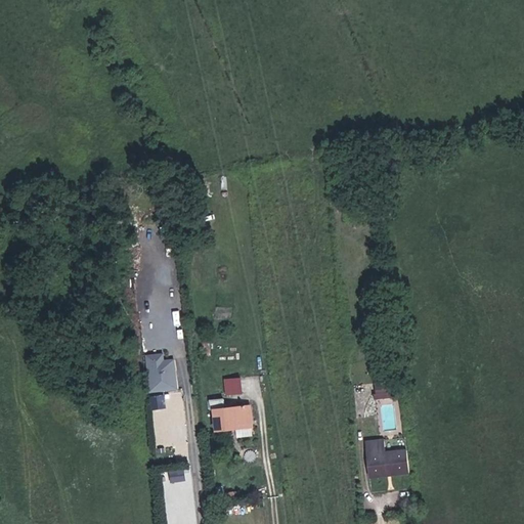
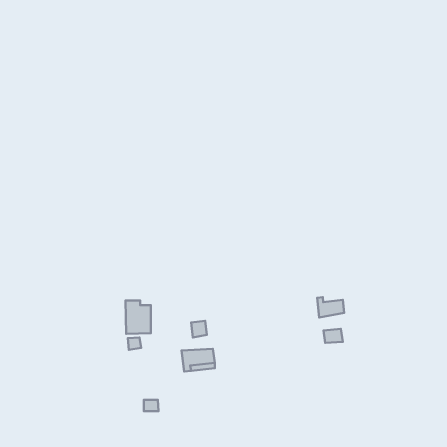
building: none -> [317,297,344,317]
building: [364,447,406,472] -> none

